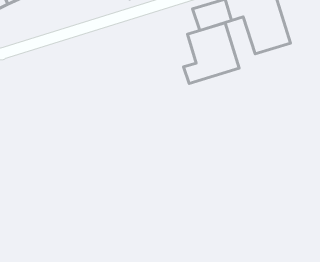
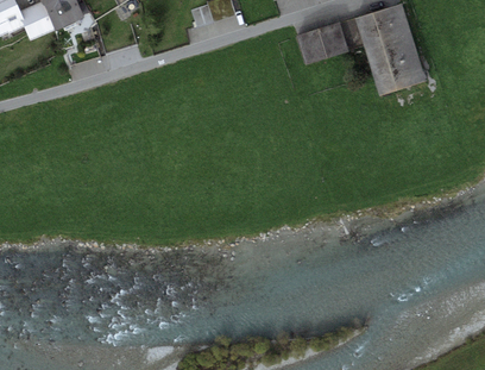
building: [184,23,239,84] -> none

